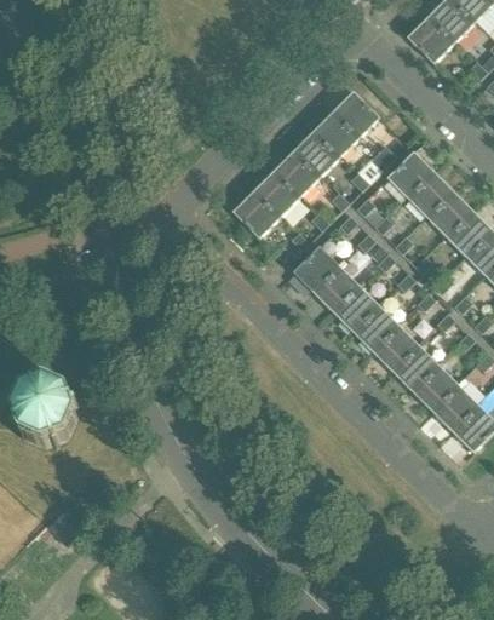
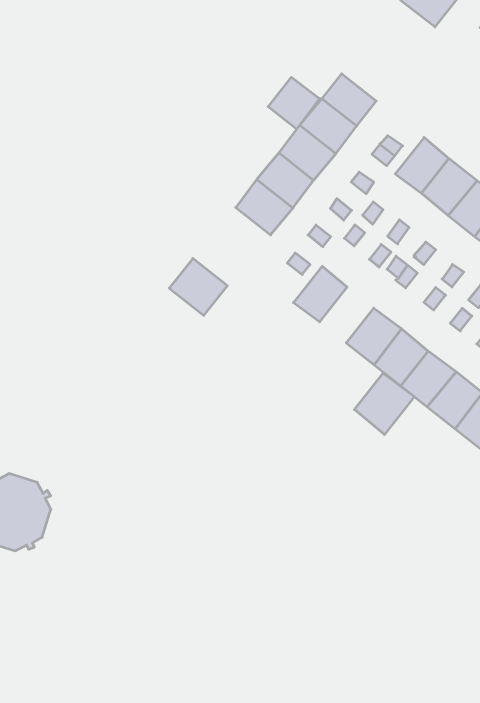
building: none -> [268,77,320,129]
building: [234,190,281,237] -> [169,258,227,315]
building: [312,265,357,310] -> none
building: none -> [354,373,414,435]

